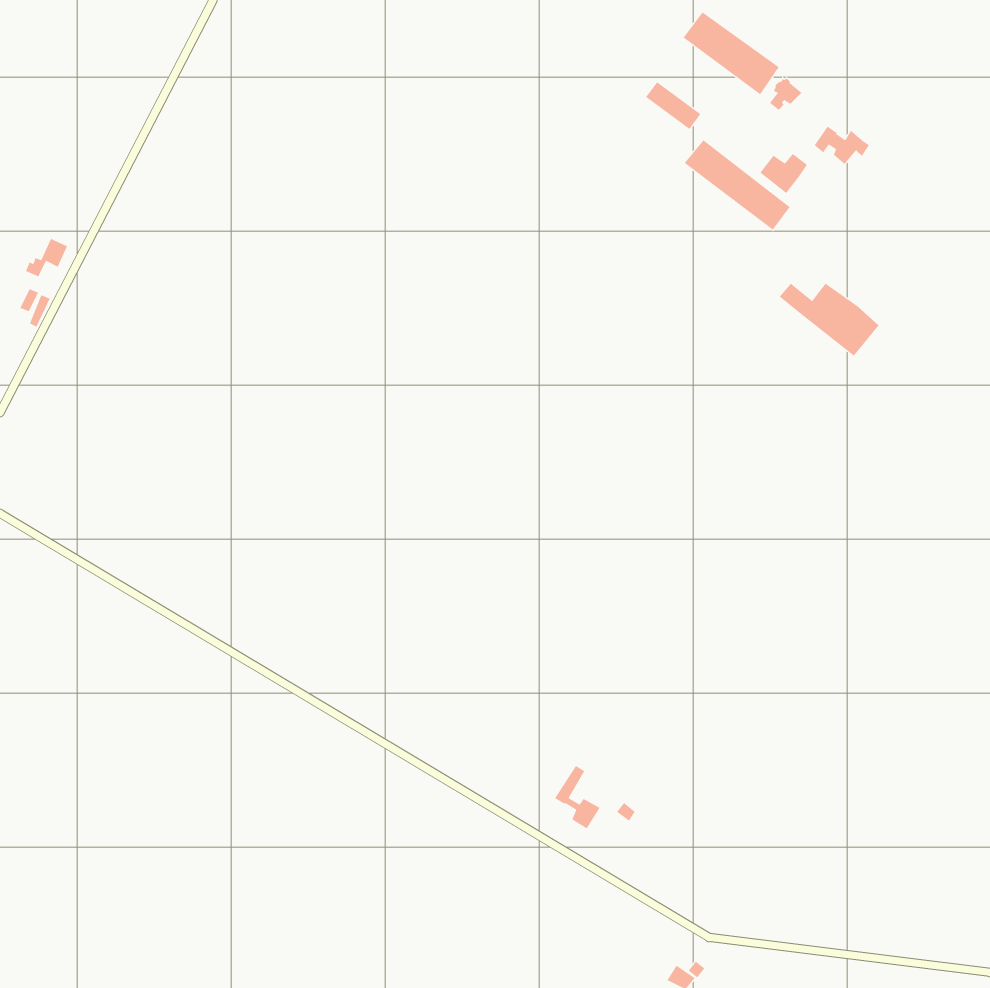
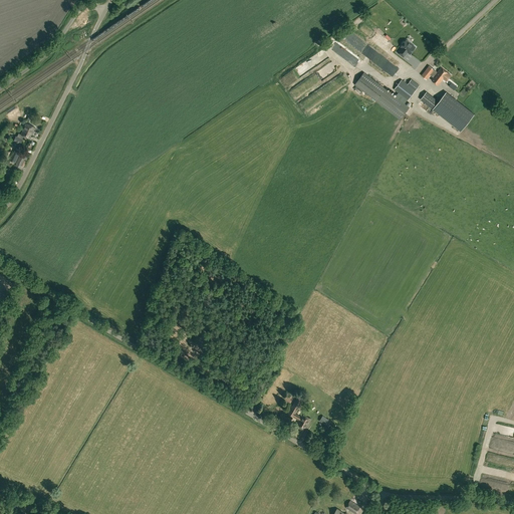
building: [683,12,779,95] -> none
building: [779,283,879,356] -> [422,93,474,132]

